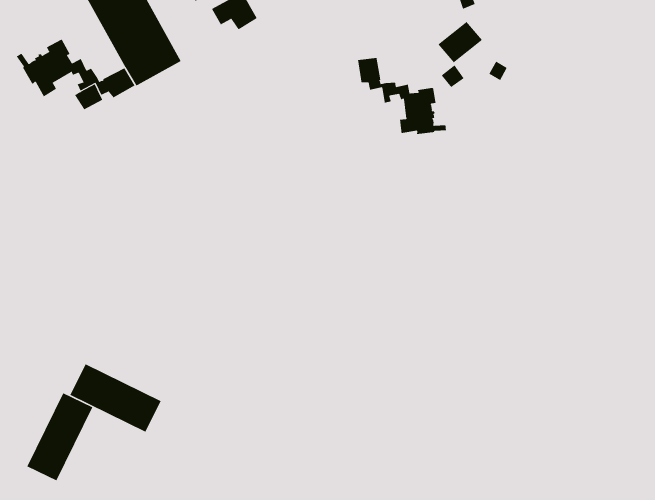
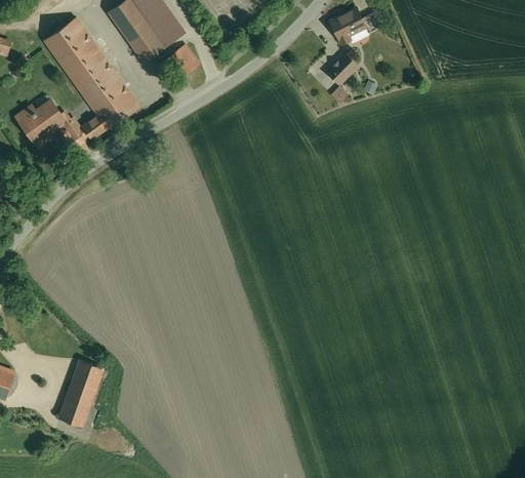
building: [358,57,447,135] -> none
building: [70,364,161,432] -> none

